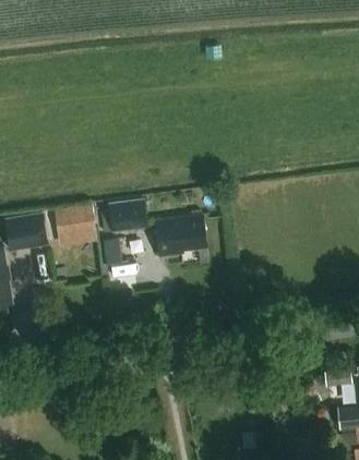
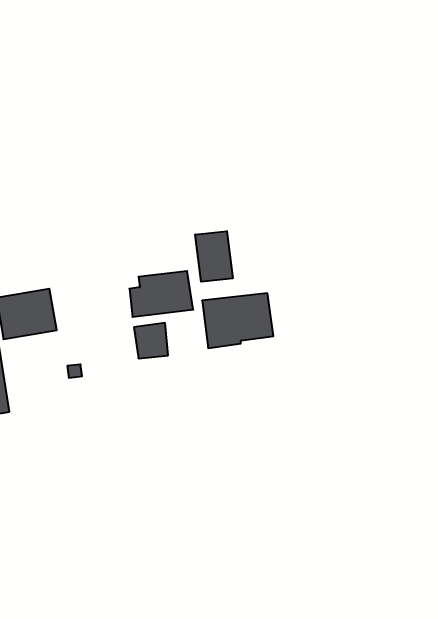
building: none -> [195,231,233,282]
building: [53,207,95,238] -> none

